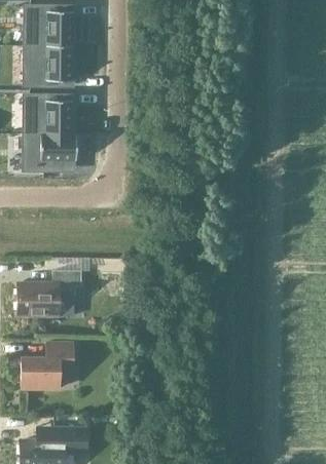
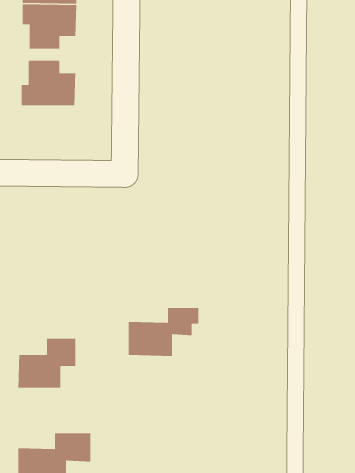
building: [24,136,76,172] -> none
building: [17,271,81,315] -> [128,307,199,357]

